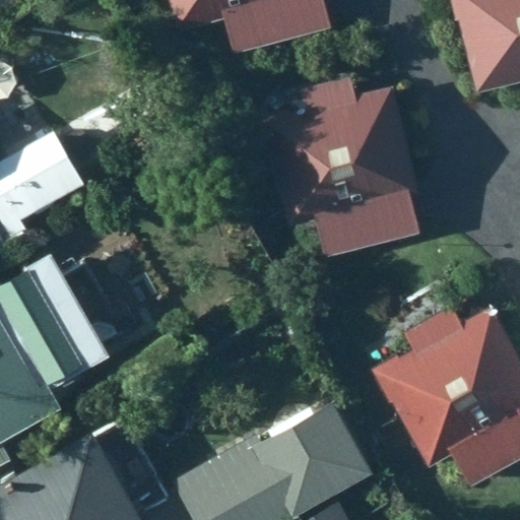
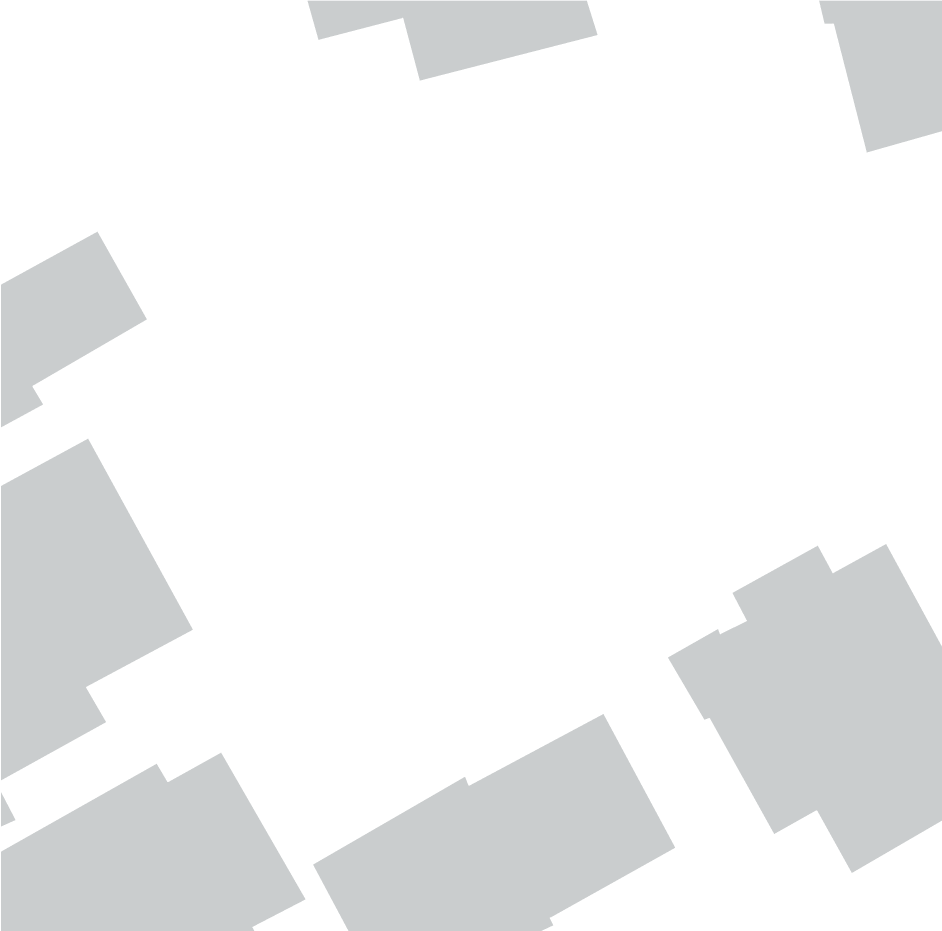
building: [261,78,419,256] -> none

